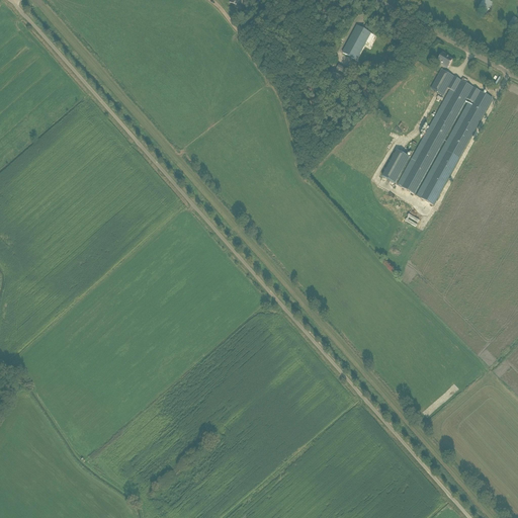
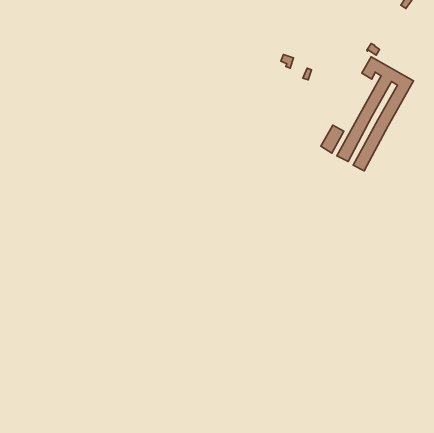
building: [342,24,373,59] -> none

